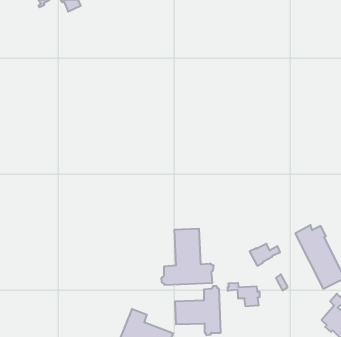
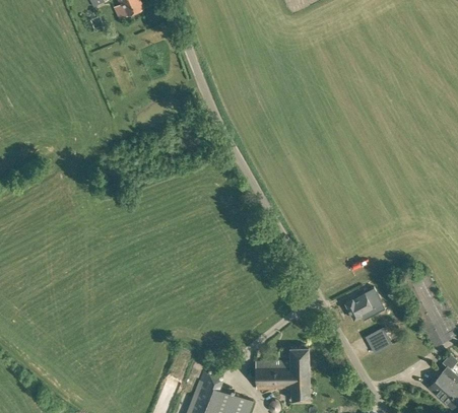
building: [161,229,214,285] -> none
building: [228,283,260,306] -> none

